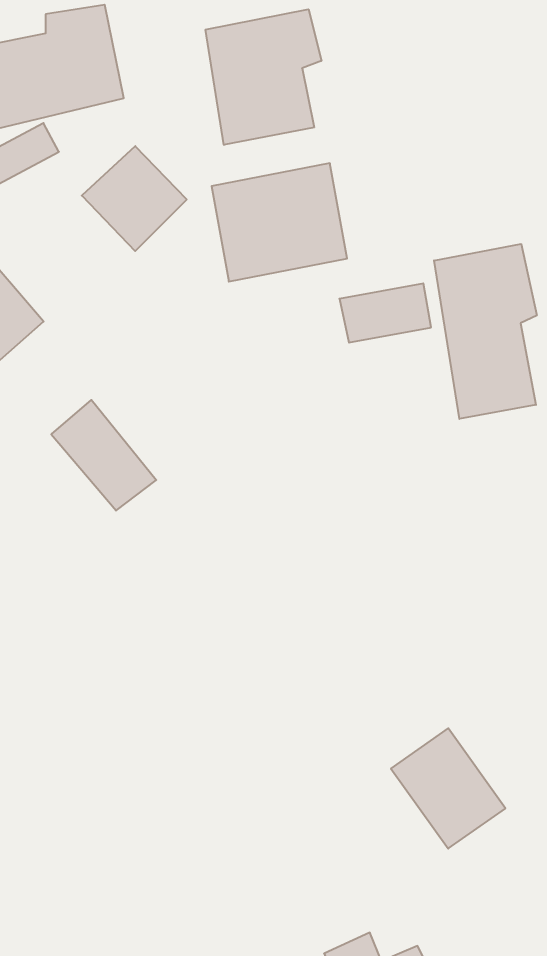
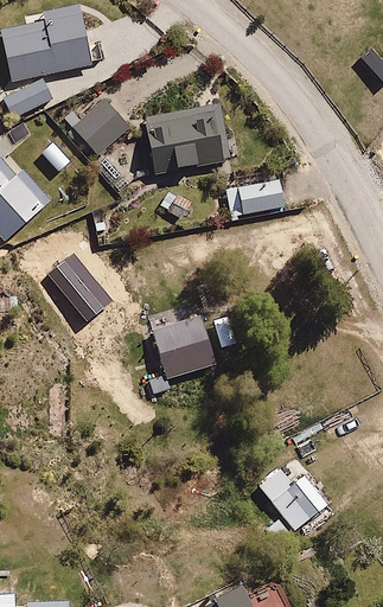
building: [206,9,321,145] -> none
building: [434,244,537,419] -> none
building: none -> [149,315,211,377]

